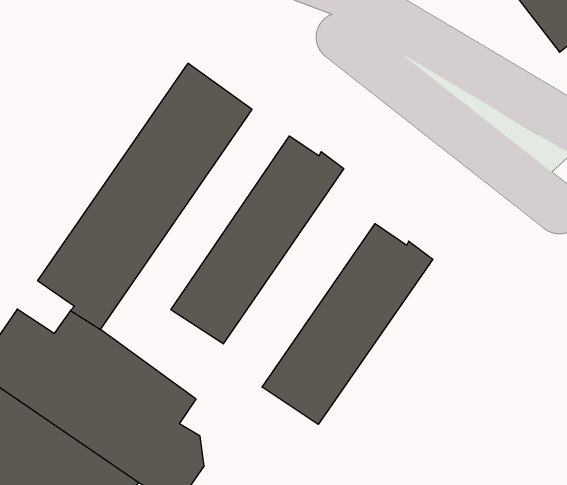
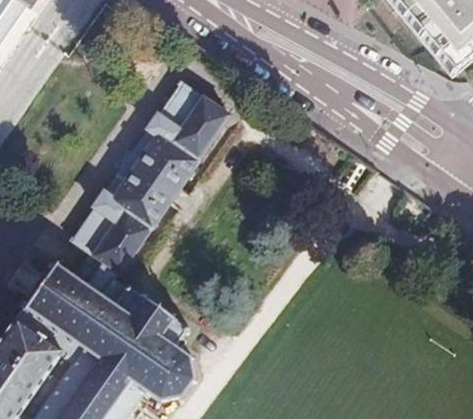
building: [171,136,344,344] -> none
building: [262,224,433,424] -> none

